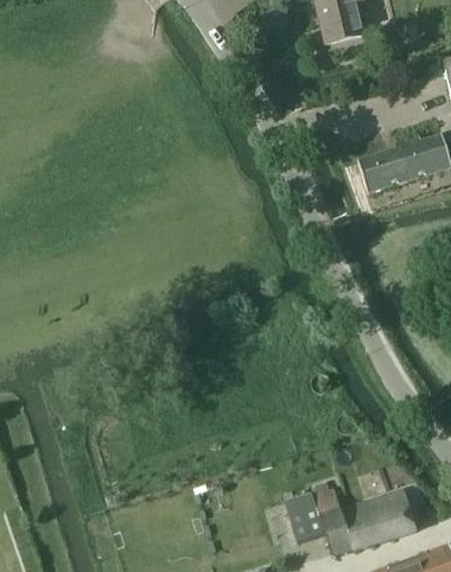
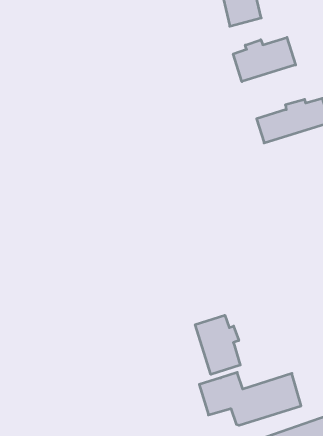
building: none -> [233,37,296,82]
building: none -> [195,315,240,374]

